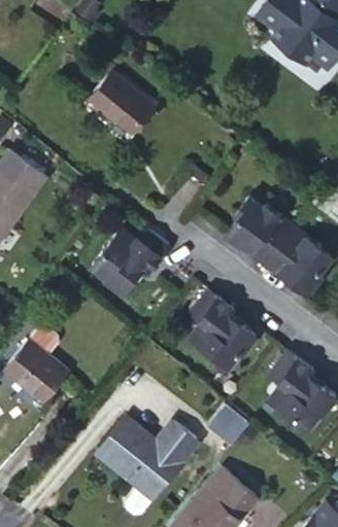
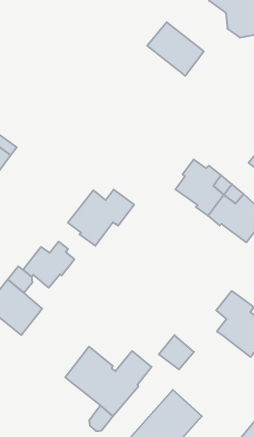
building: [86,70,151,133] -> [147,22,204,76]
building: [192,290,258,367] -> none
building: none -> [23,242,74,288]

